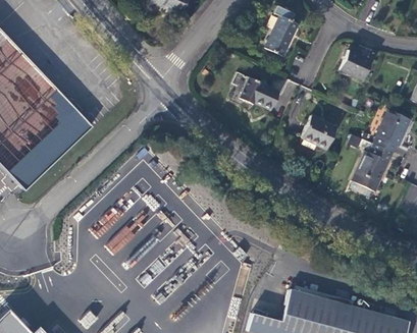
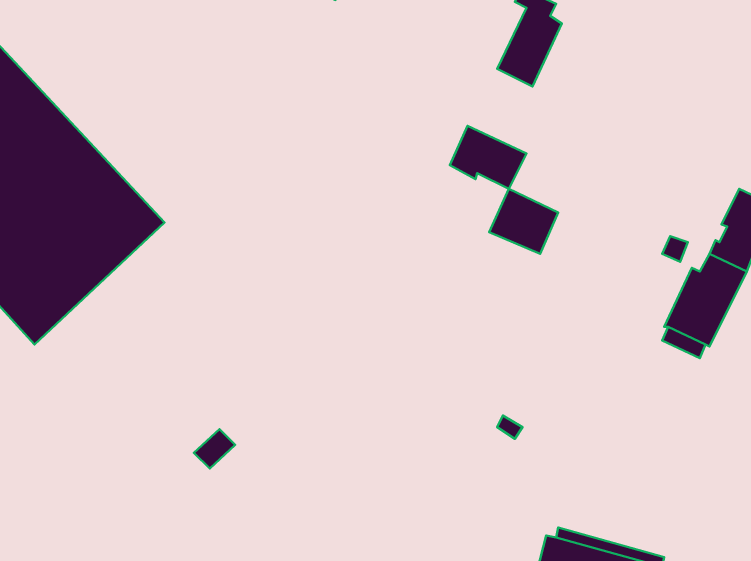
building: [340,50,372,80] -> none
building: [301,115,336,149] -> [489,189,558,254]

